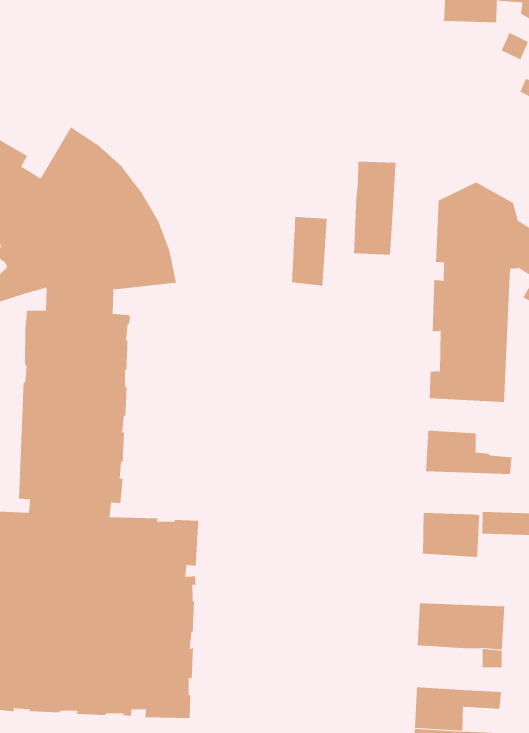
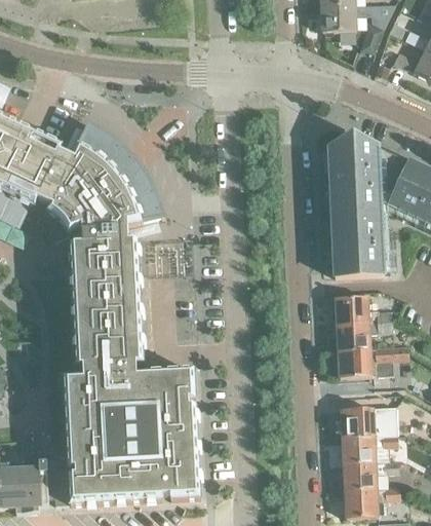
building: [354,161,396,255] -> none
building: [292,216,327,286] -> none
building: none -> [336,320,392,349]
building: none -> [341,435,375,462]

